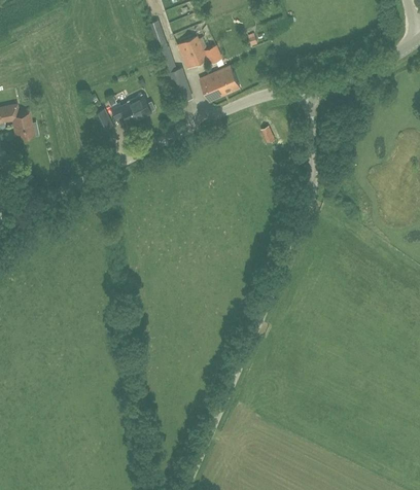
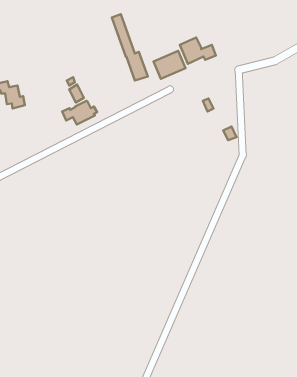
building: [177,35,222,68] -> [180,38,216,64]
building: [111,94,155,124] -> [62,101,97,124]

